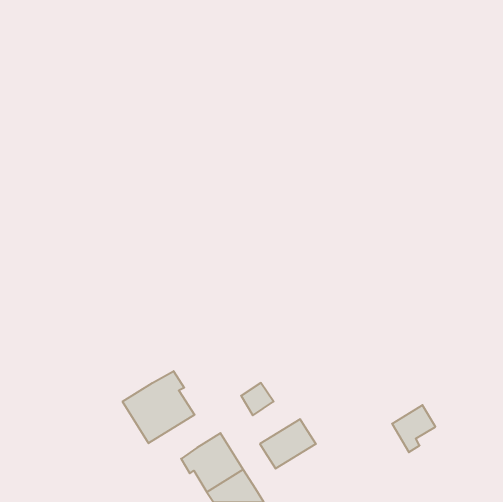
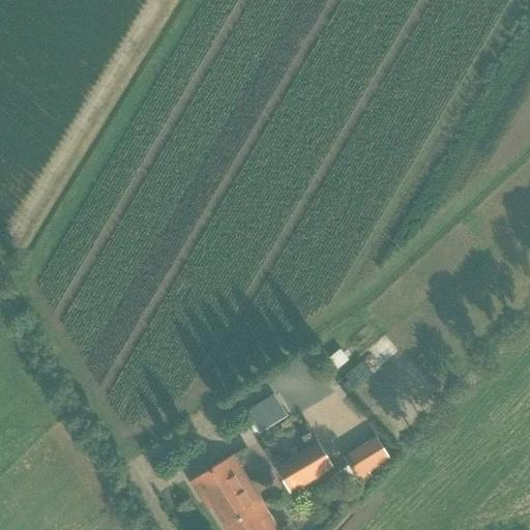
building: [123,371,195,443] -> none
building: [392,405,435,452] -> [344,436,389,485]

